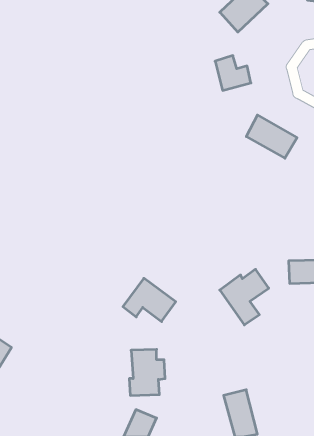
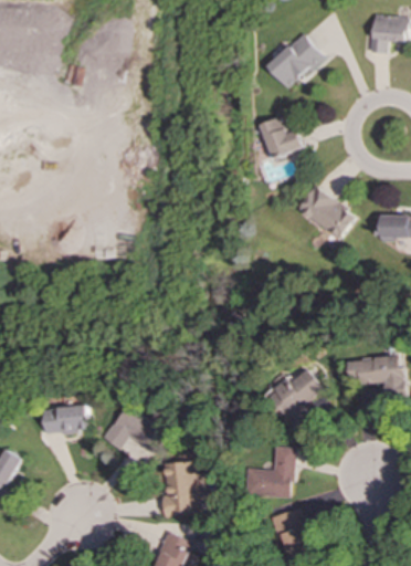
building: [123,278,176,322] -> [103,405,165,455]
building: none -> [43,407,88,433]
building: none -> [246,447,293,497]

